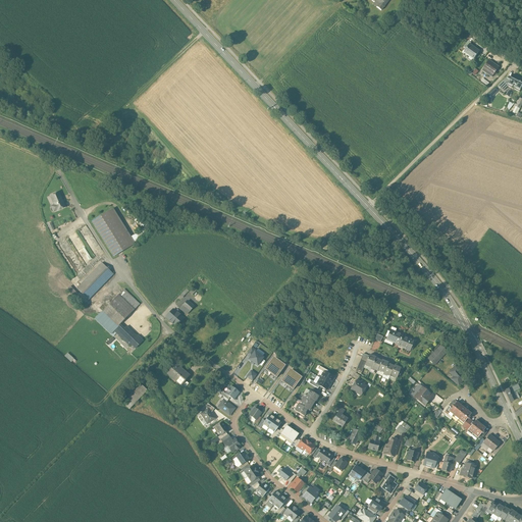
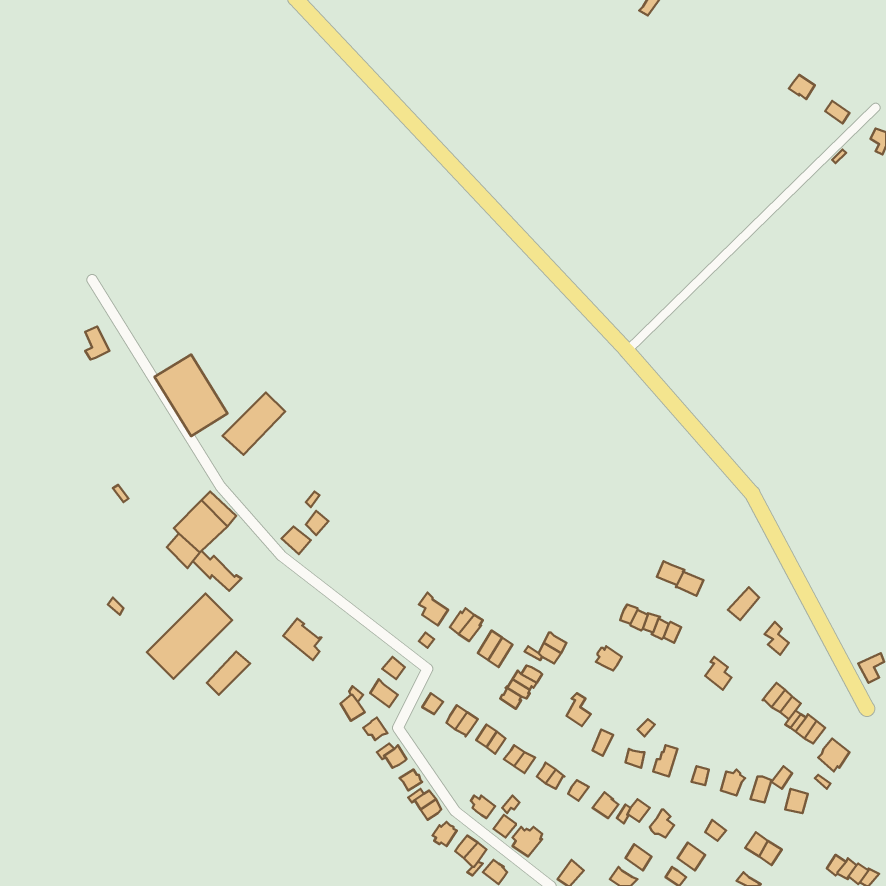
building: [75,262,112,299] -> [223,392,285,455]
building: none -> [147,593,232,679]

